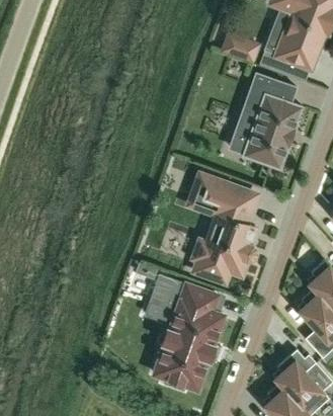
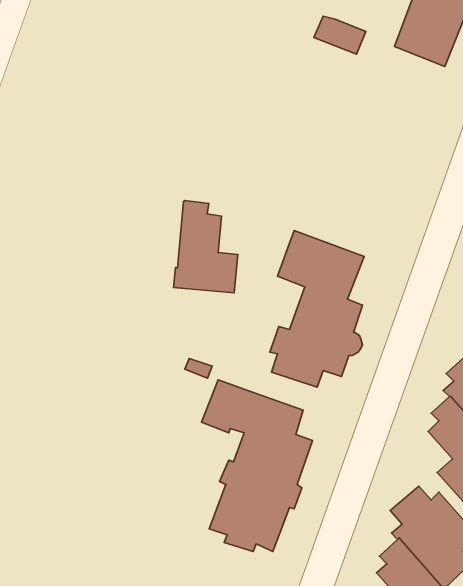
building: [229,73,301,167] -> none
building: none -> [173,201,238,293]

